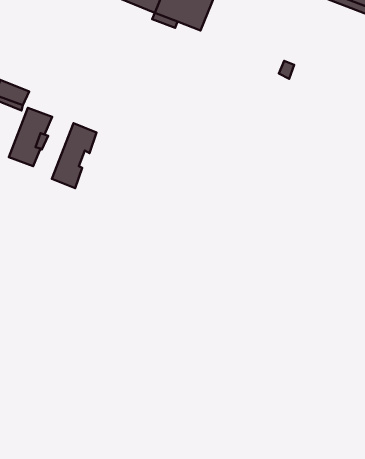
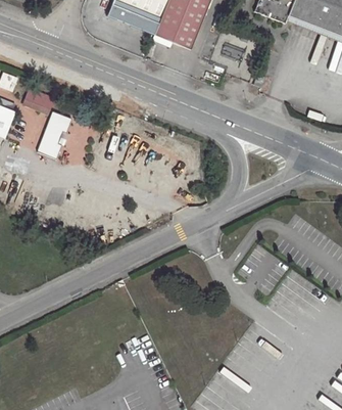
building: [52,123,97,188] -> none

